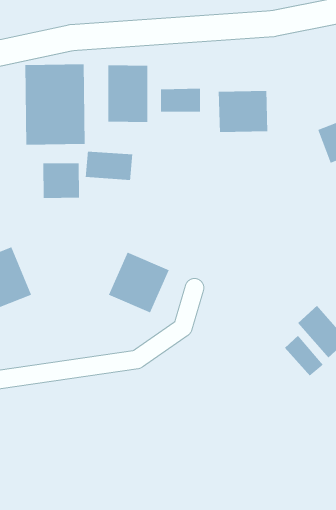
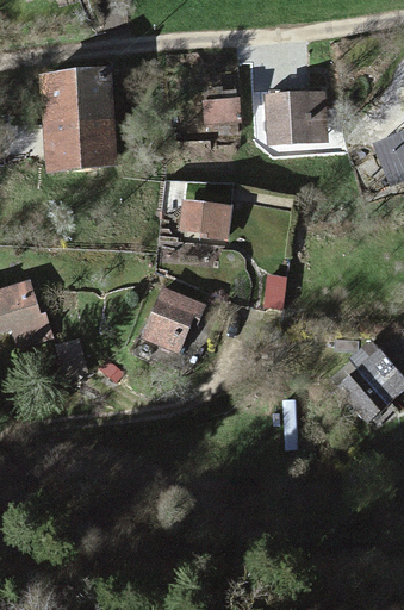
building: [108,65,148,123] -> none
building: [85,151,133,181] -> [178,199,231,232]
building: [42,162,80,199] -> none

